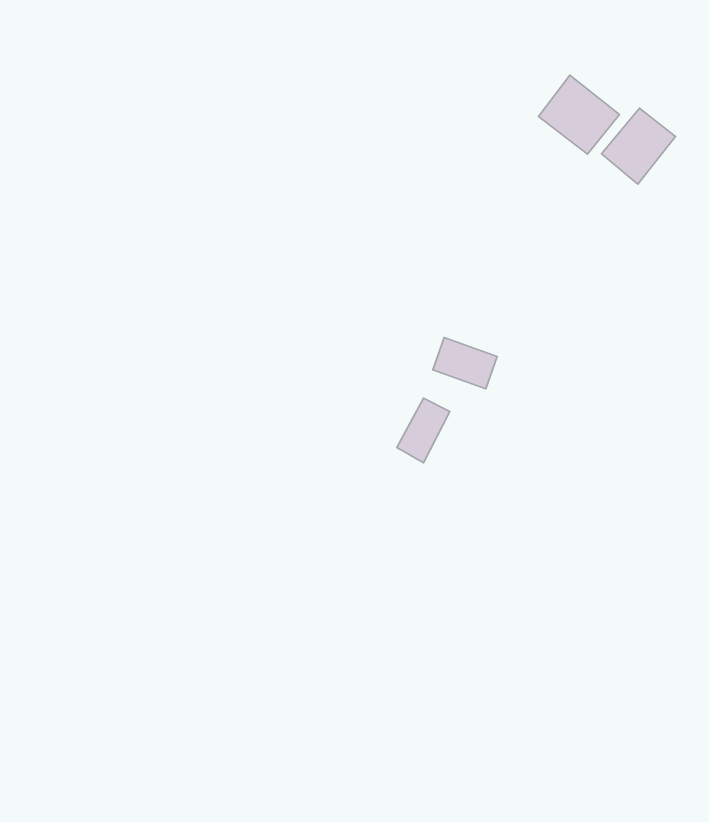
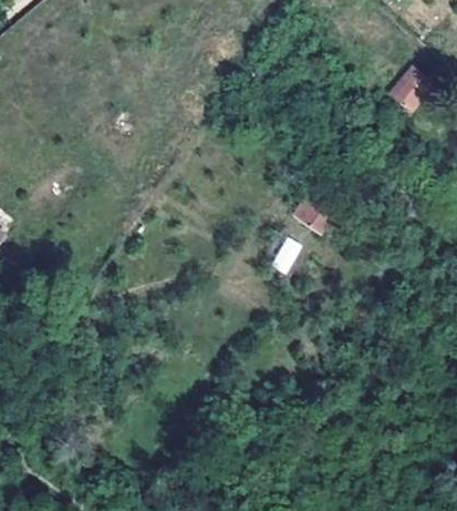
building: [538,75,619,154] -> none

